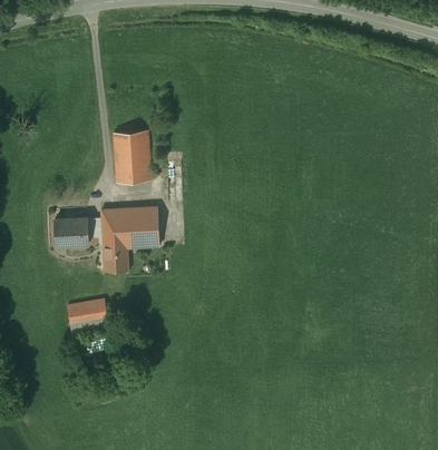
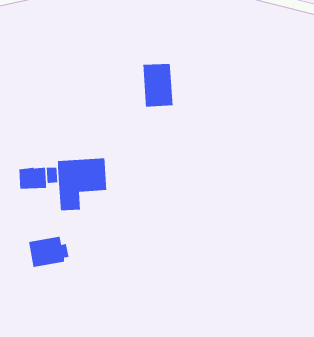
building: [114,130,150,183] -> [142,63,173,108]

